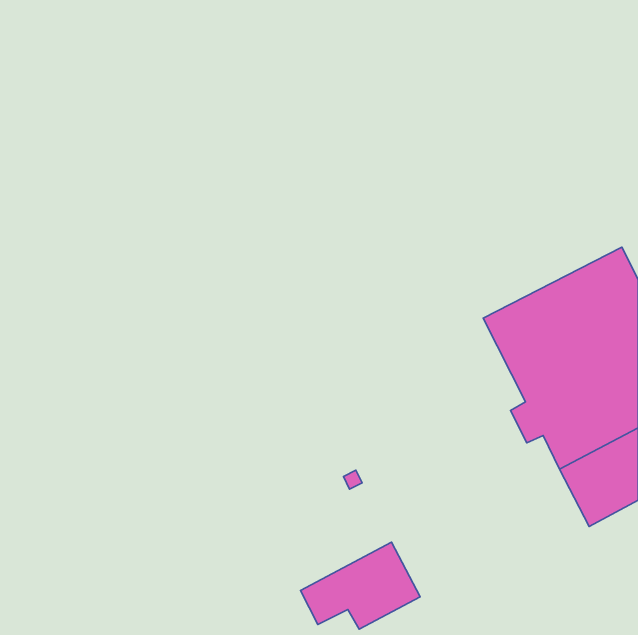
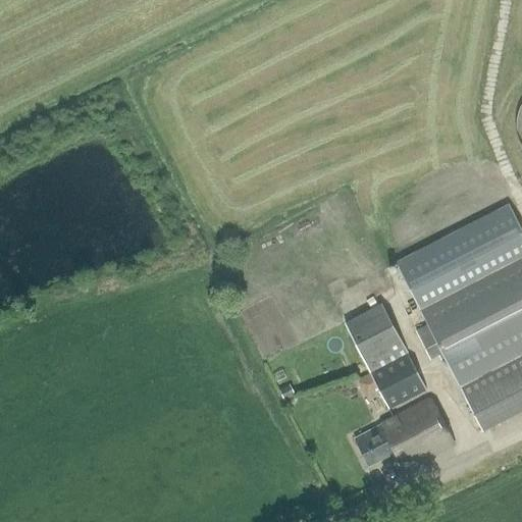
building: none -> [345,302,427,408]
building: [300,542,420,629] -> [357,398,455,469]

